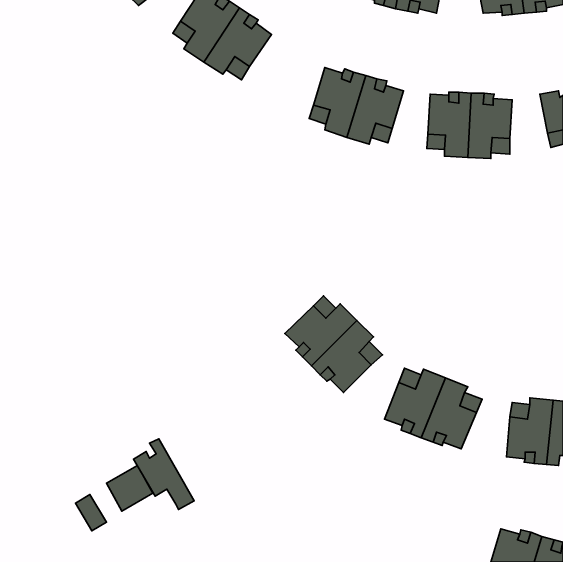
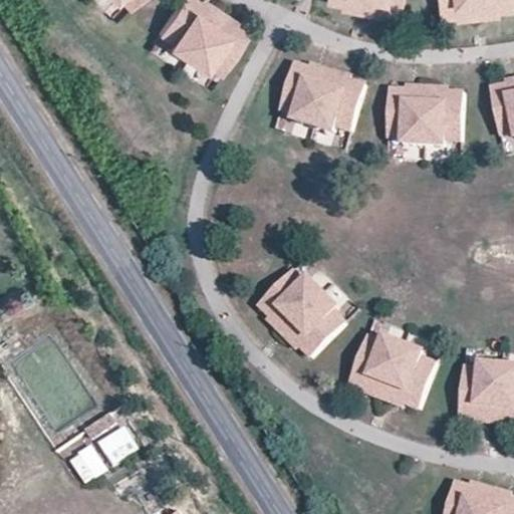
building: [134,439,194,510] -> none

